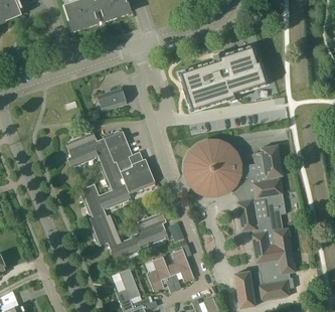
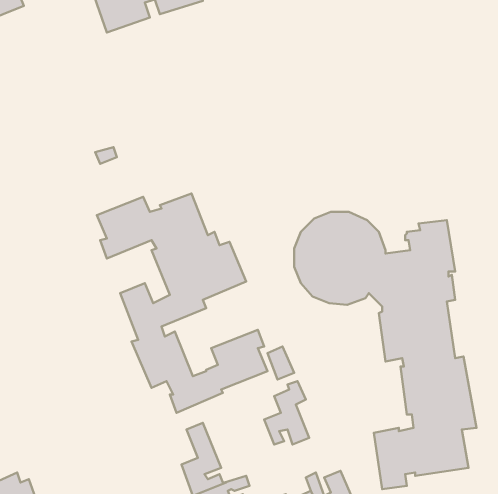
building: [182,43,270,105] -> none
building: [98,88,126,111] -> none
building: [147,256,176,292] -> none

